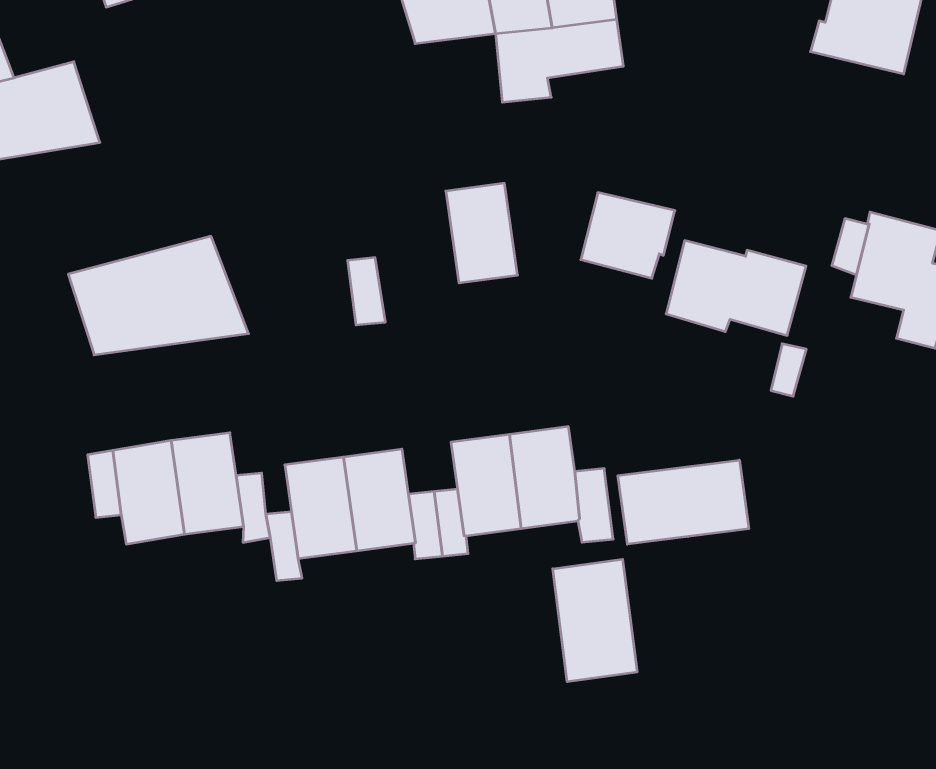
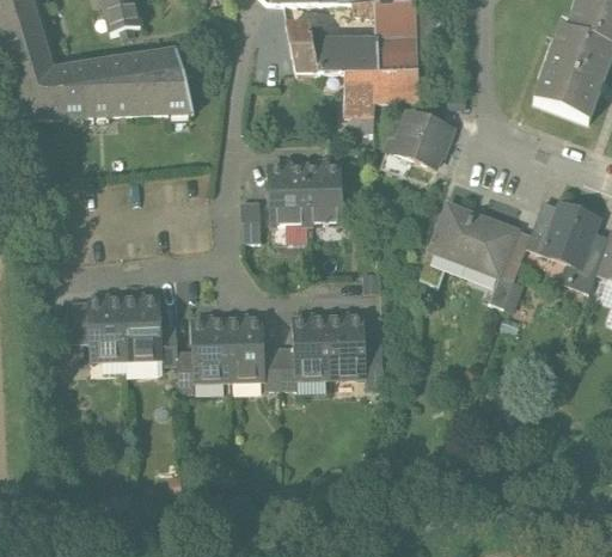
building: none -> [269,163,306,220]
building: [581,193,675,278] -> [392,112,452,167]
building: [68,236,249,355] -> [87,48,192,112]
building: [618,460,749,544] -> none
building: [553,559,637,682] -> none

